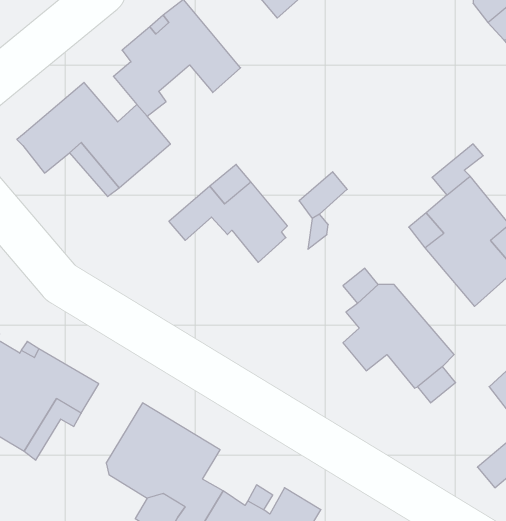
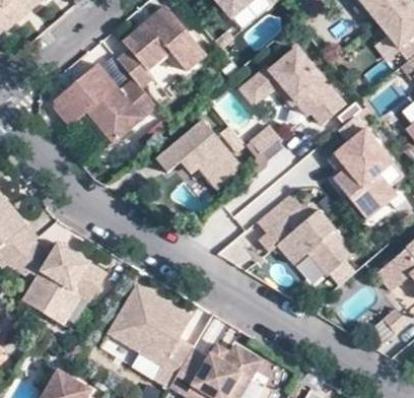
building: none -> [240,46,345,123]

